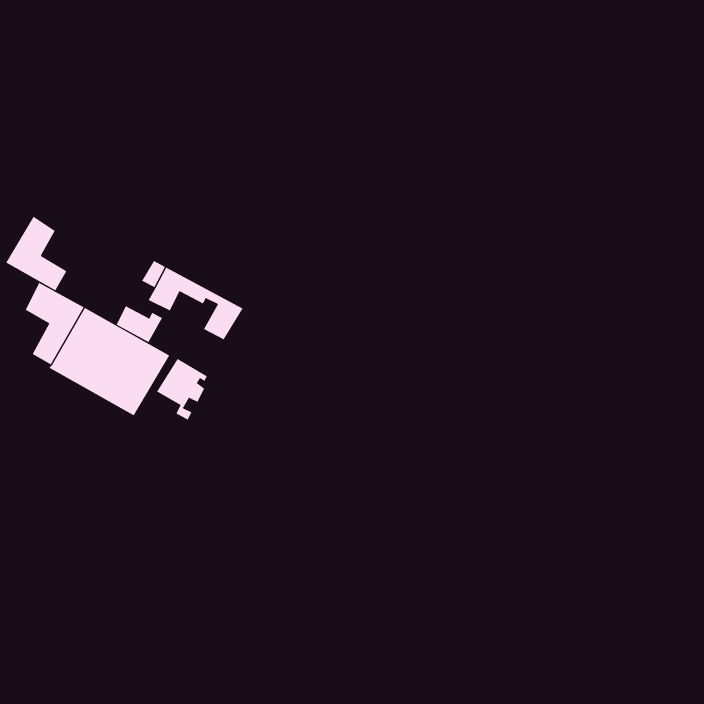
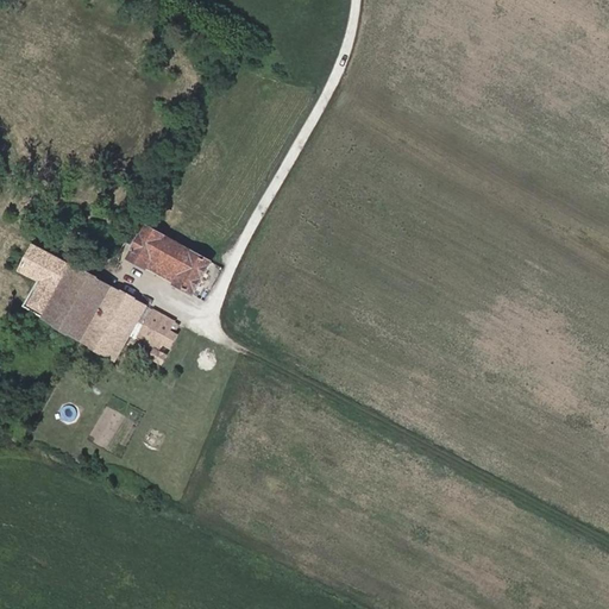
building: [6,216,67,291] -> none
building: [116,305,163,343] -> [146,251,187,283]

